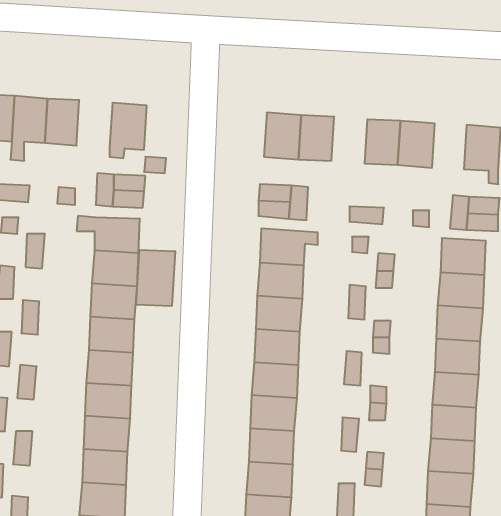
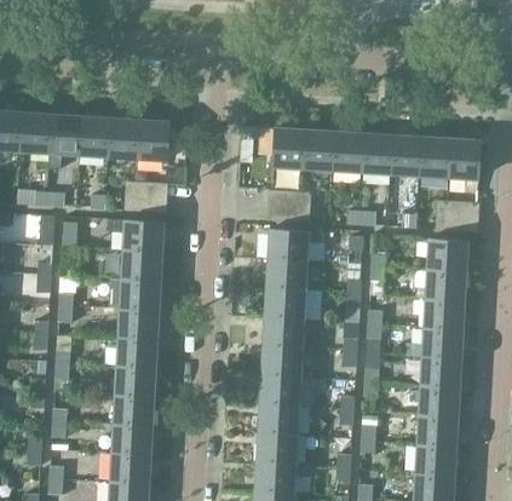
building: none -> [107,117,138,159]
building: none -> [330,132,362,173]
building: none -> [419,138,449,178]
building: [136,250,175,306] -> none

